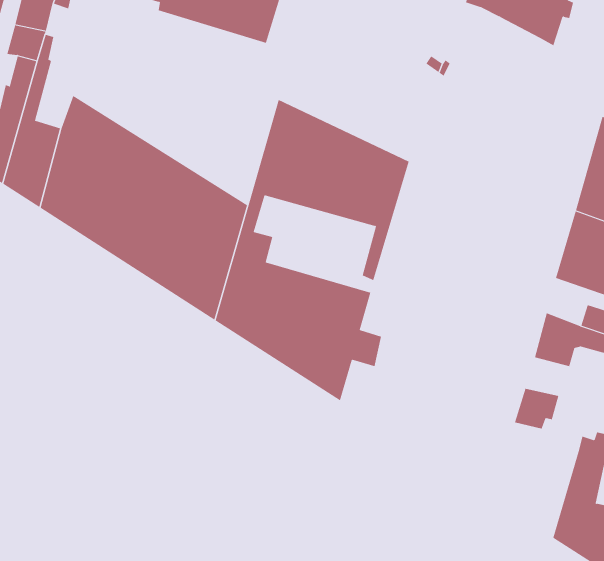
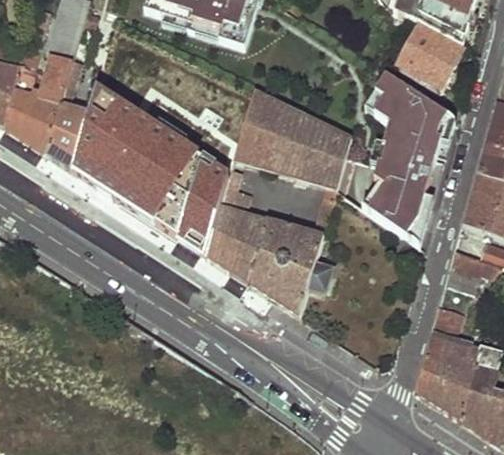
building: none -> [398,25,461,91]
building: none -> [358,74,446,245]
building: none -> [415,346,479,418]

